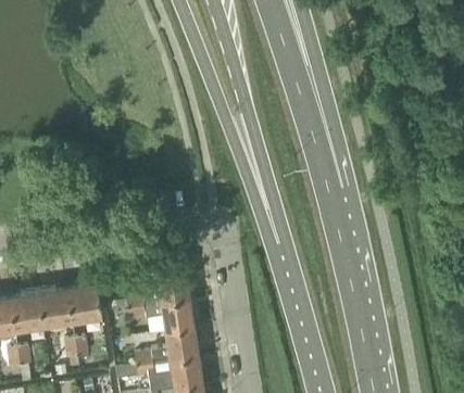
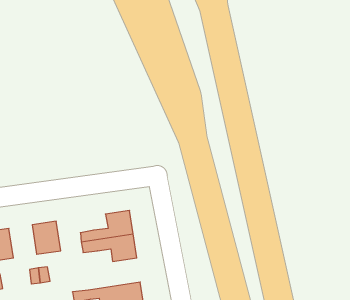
building: [38,288,72,328] -> none
building: [133,328,198,367] -> none

